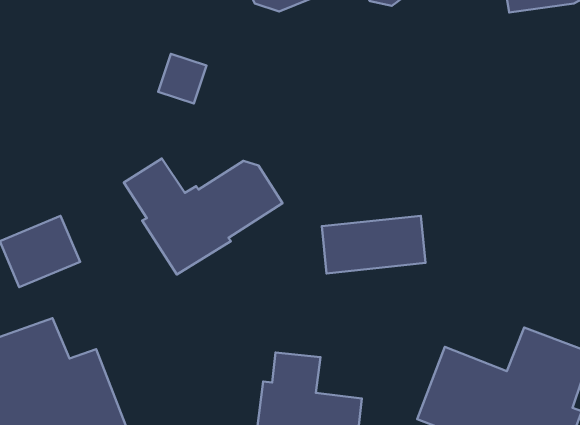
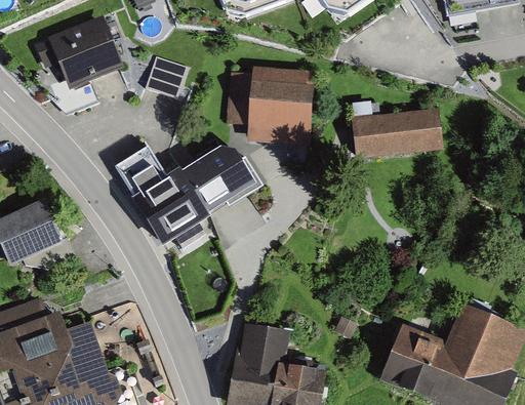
building: none -> [35,11,125,82]
building: none -> [229,65,315,143]
building: [322,216,425,273] -> [348,110,440,161]

